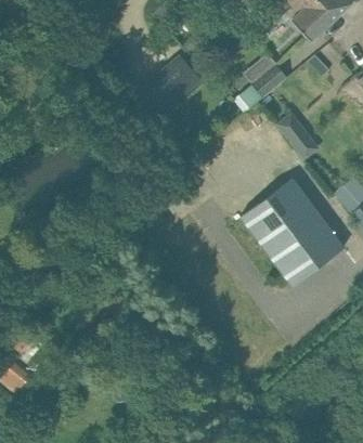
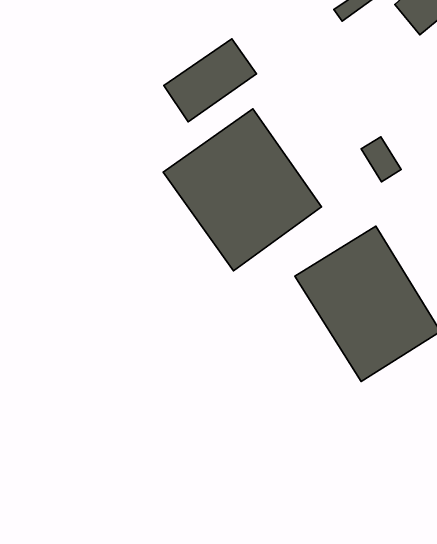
building: [246,56,287,96] -> none
building: none -> [163,109,322,271]

